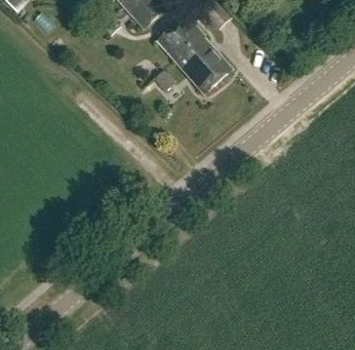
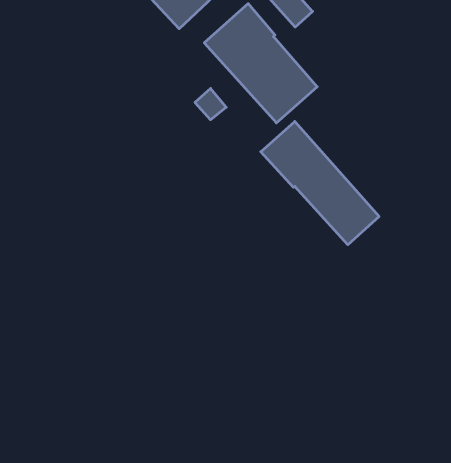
building: none -> [261,121,379,245]

